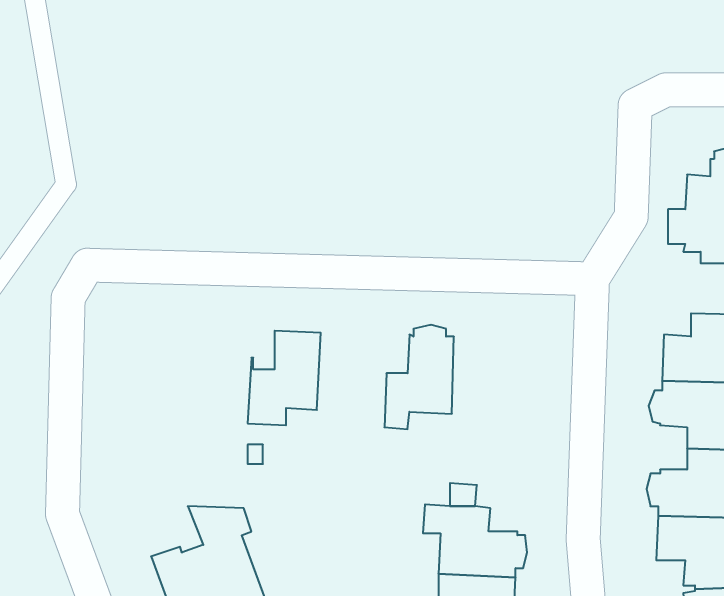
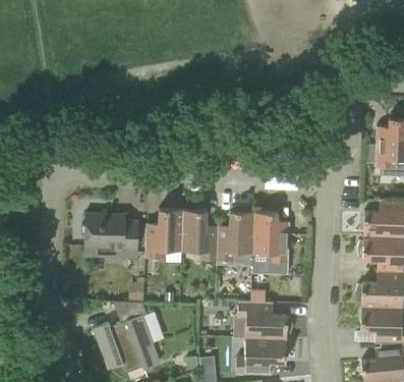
building: none -> [181,211,218,261]
building: none -> [252,213,289,274]
building: none -> [83,214,138,259]

